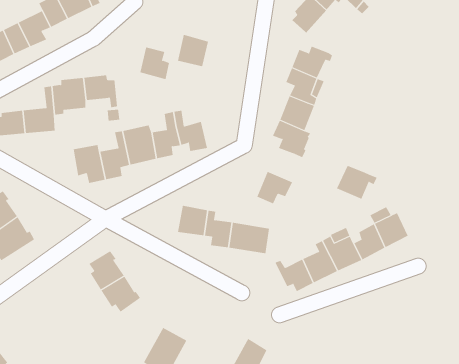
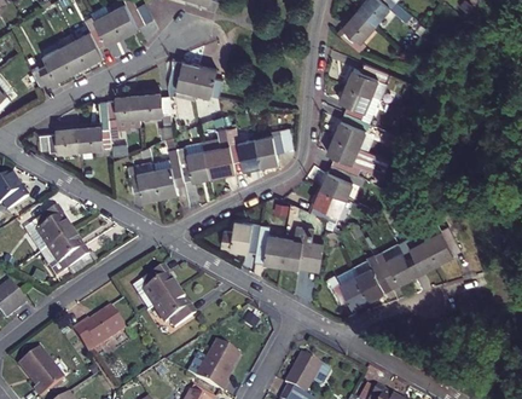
building: [177,34,209,67] -> [167,58,198,91]
building: none -> [254,127,292,166]
building: [336,165,378,199] -> [319,166,360,199]
building: none -> [69,305,123,352]

